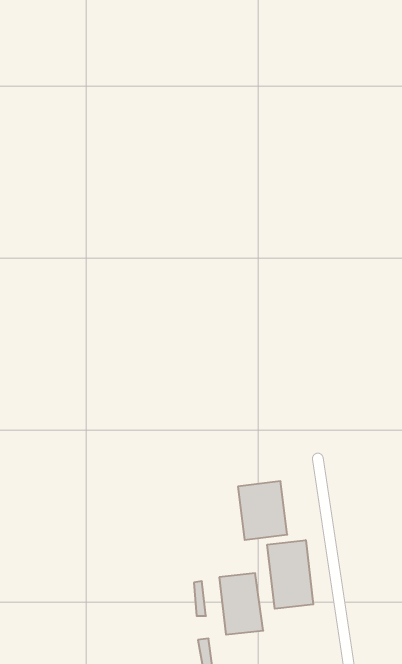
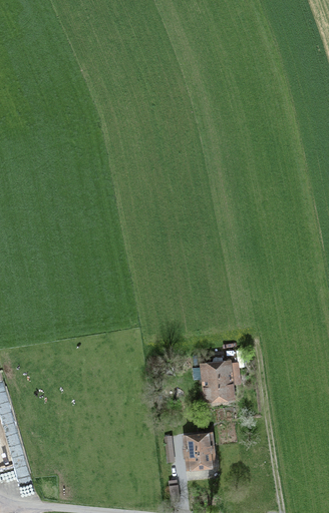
building: [267,540,313,609] -> none

